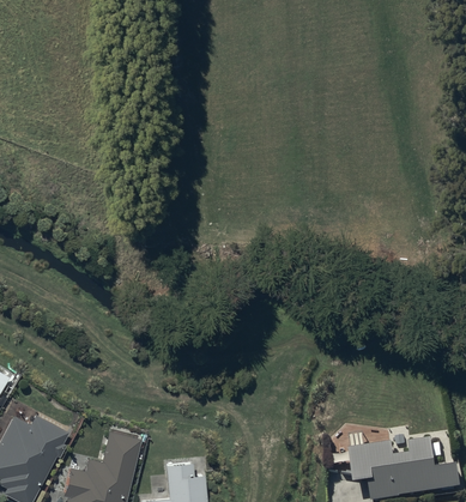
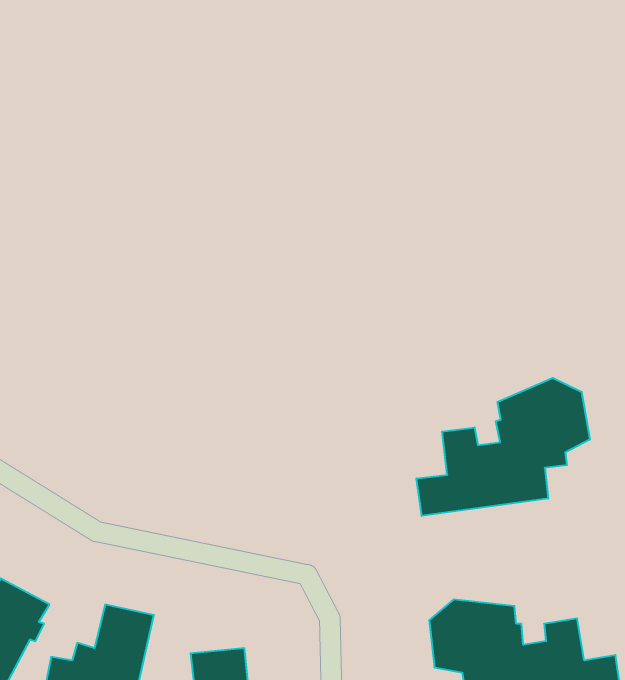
building: none -> [416,378,590,516]

